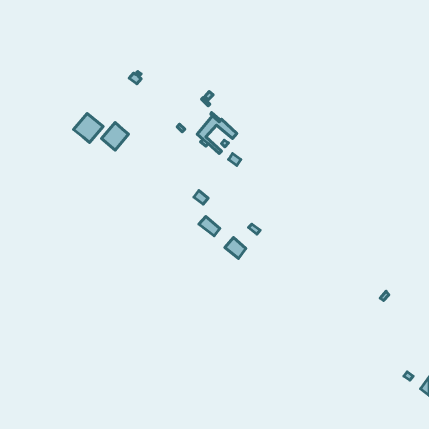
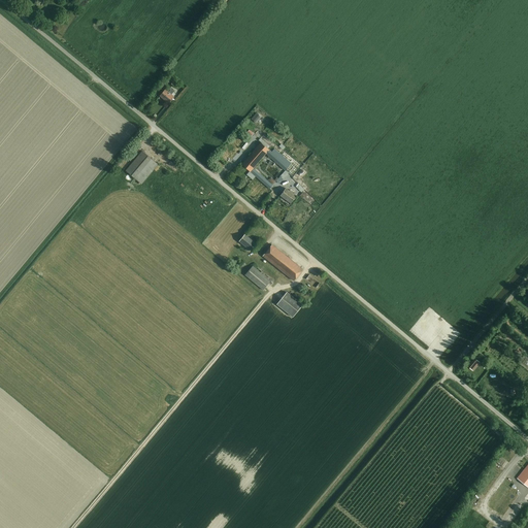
building: [74,113,103,142] -> none
building: none -> [262,244,302,280]

